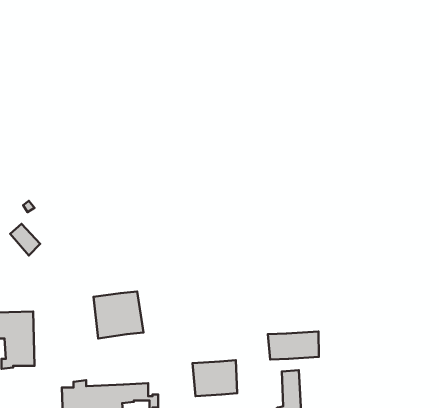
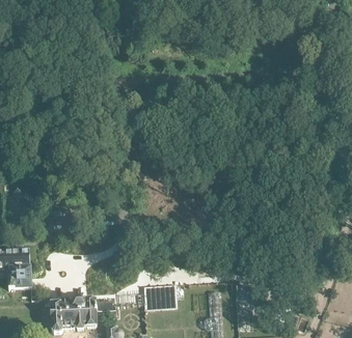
building: [94,291,143,338] -> none
building: [268,331,319,360] -> none

